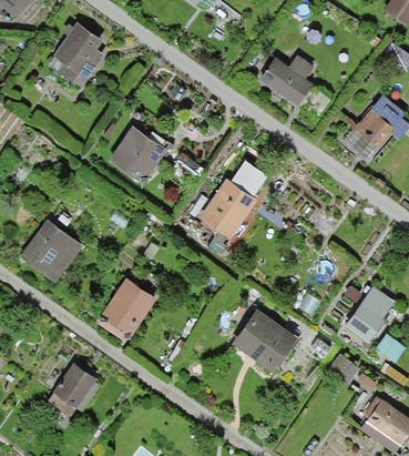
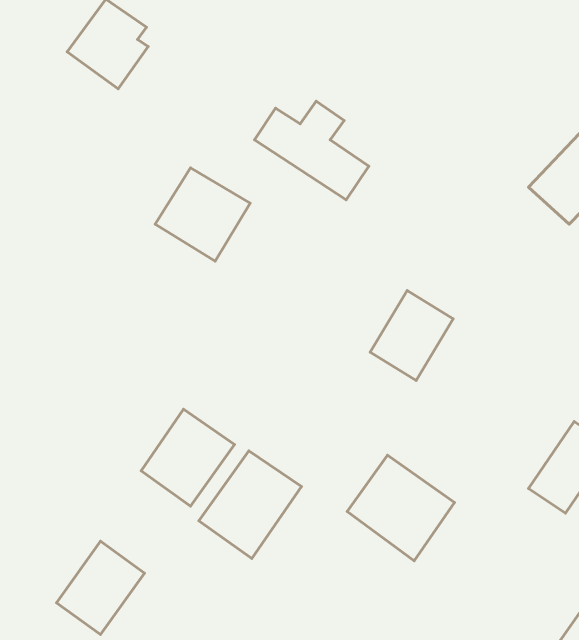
building: [258,54,330,116] -> [255,101,369,200]
building: [202,179,254,235] -> [370,291,453,380]
building: [20,217,83,282] -> none
building: none -> [199,451,301,558]

